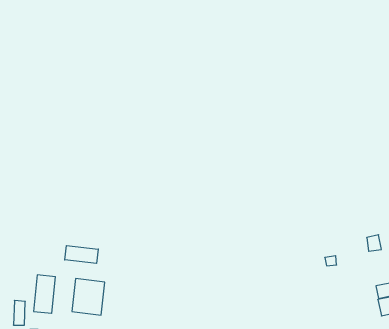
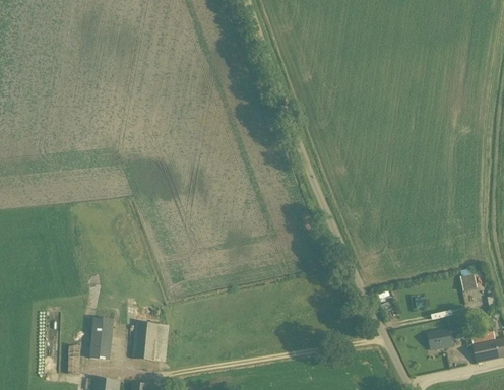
building: [65,246,98,263] -> none
building: none -> [426,323,466,349]

